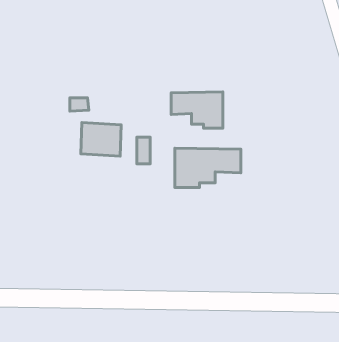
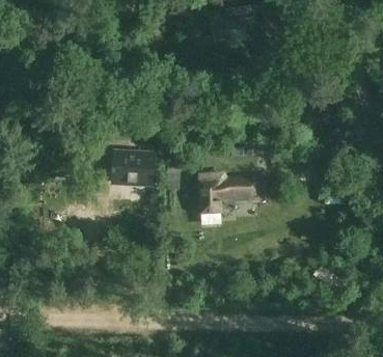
building: [171,92,223,128] -> none

